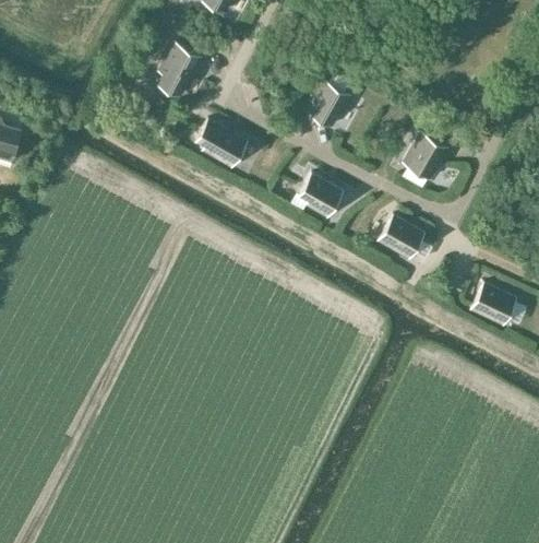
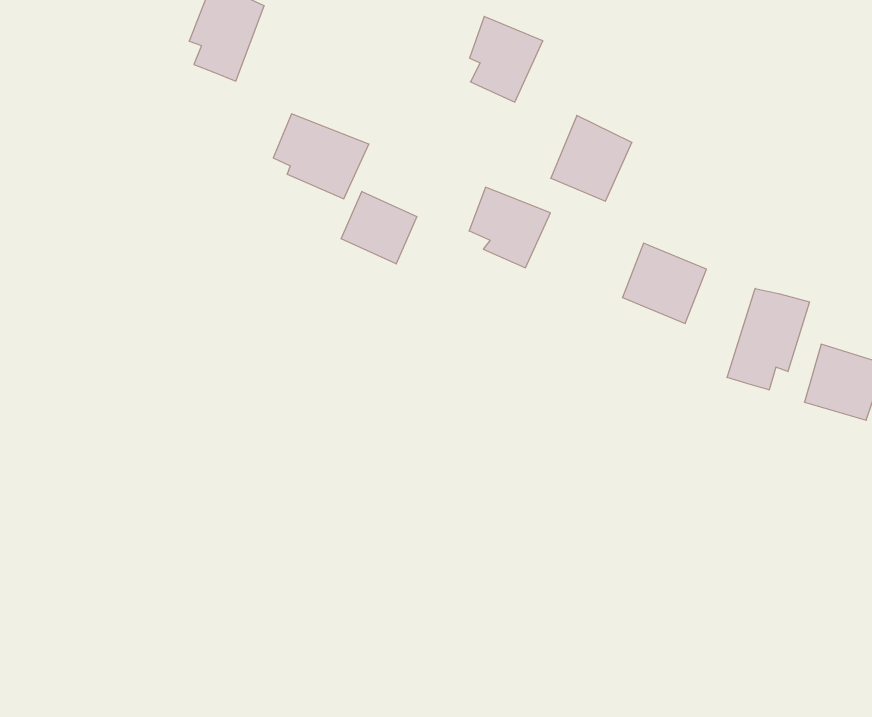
building: [403,131,450,180] -> [551,115,632,201]
building: none -> [341,191,417,264]
building: none -> [727,288,810,390]

